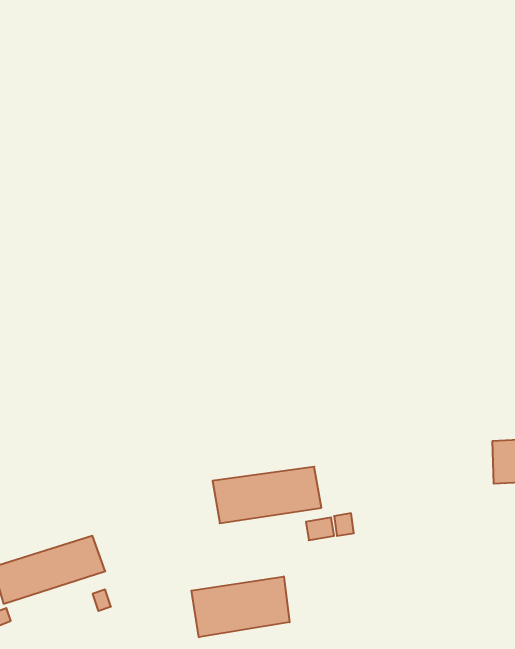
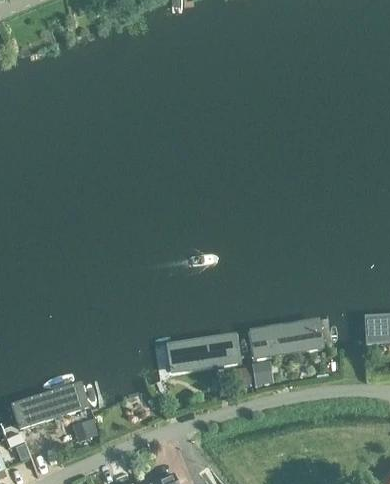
building: none -> [248,318,326,359]
building: [191,576,290,637] -> none

